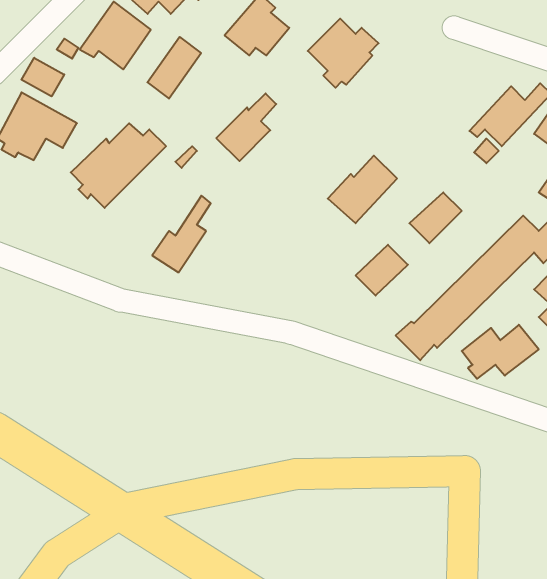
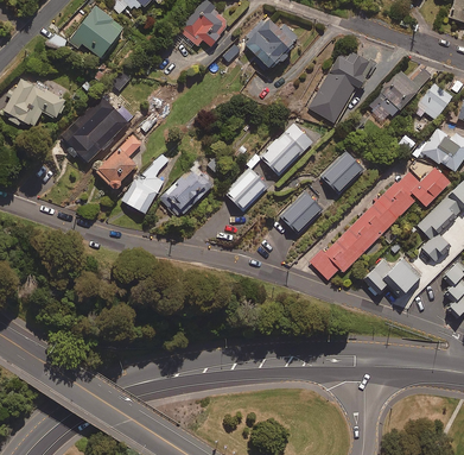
building: [147,37,201,99] -> none
building: [21,58,64,96] -> none
building: none -> [310,51,373,125]
building: [216,93,276,161] -> [95,135,141,188]
building: none -> [165,165,212,213]
building: none -> [225,169,267,211]

